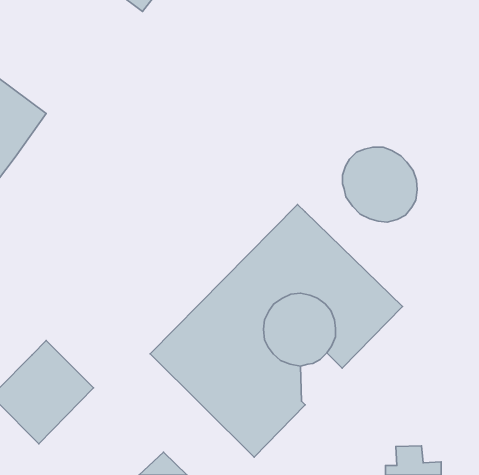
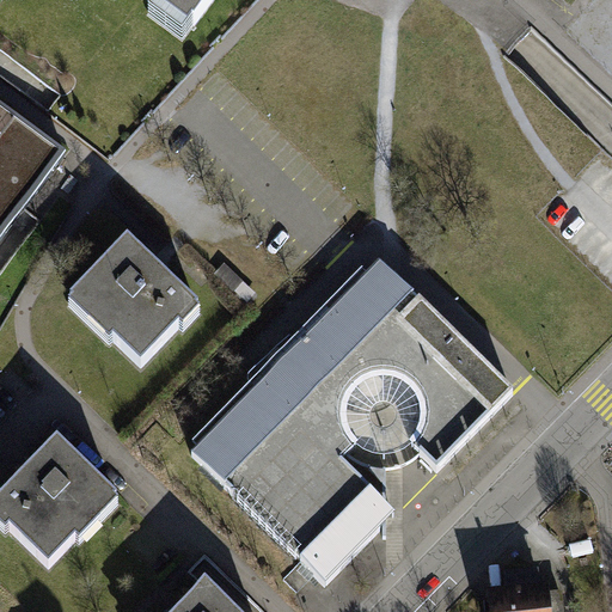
building: [343,147,417,222] -> none
building: none -> [66,233,198,365]

